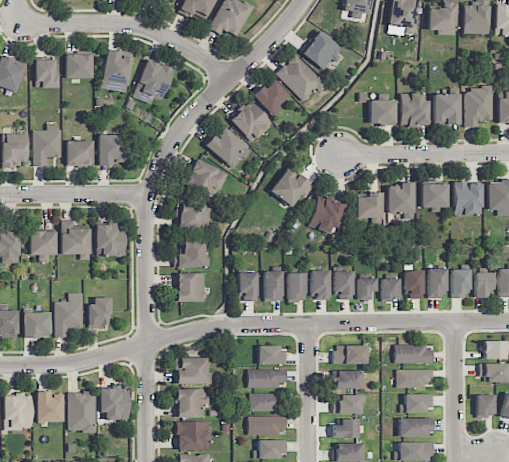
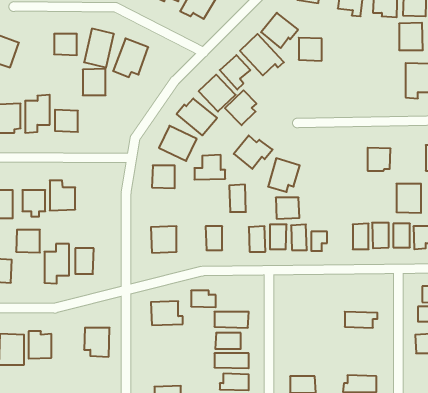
building: [36,59,58,88] -> none
building: [400,92,429,125] -> none
building: [433,93,460,124] -> [399,23,423,50]
building: [369,99,395,125] -> [299,38,322,61]
building: none -> [225,90,256,125]
building: [99,134,125,164] -> [83,69,106,95]
building: [388,182,414,213] -> none
building: [454,182,482,215] -> [396,184,421,213]
building: [356,194,383,218] -> [276,198,299,219]
building: [96,223,125,256] -> none
building: [175,239,210,267] -> [194,155,225,180]
building: [264,270,283,301] -> [229,185,246,212]
building: [381,278,399,299] -> none
building: [23,312,50,338] -> [16,230,40,253]
building: [394,344,434,363] -> none
building: [259,345,287,364] -> [191,291,216,307]
building: [334,345,367,364] -> none
building: [334,370,363,388] -> none
building: [177,388,209,417] -> none
building: [68,392,96,432] -> none
building: [405,393,433,411] -> none
building: [333,394,363,413] -> none
building: [399,417,432,436] -> none
building: [333,418,358,438] -> none
building: [177,421,210,449] -> none

